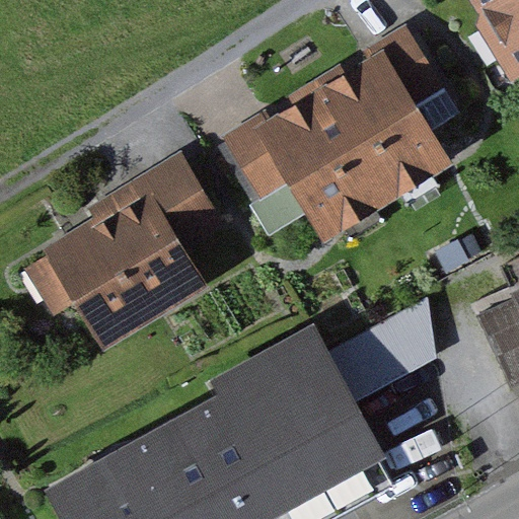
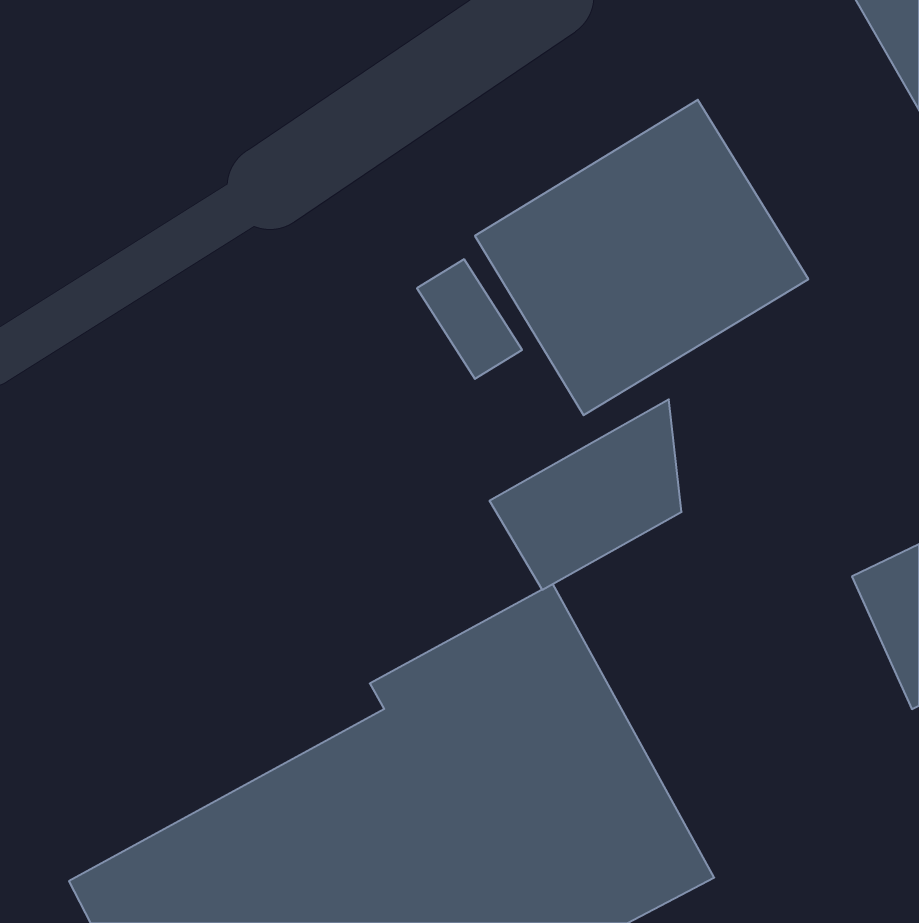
building: [29,162,214,341] -> none
building: [324,296,432,402] -> [489,399,682,590]

